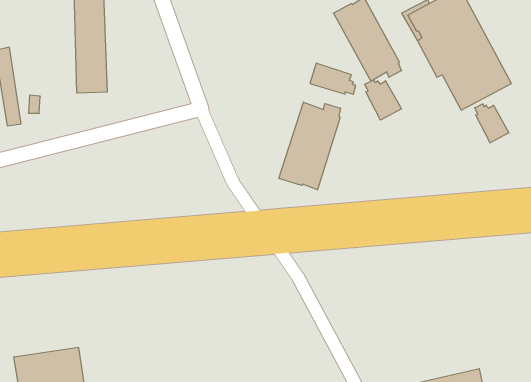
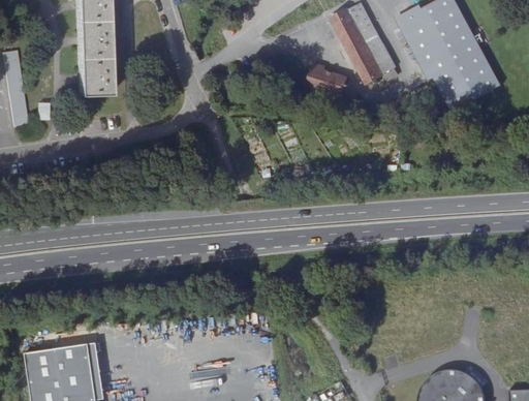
building: [365,80,401,120] -> none
building: [279,102,341,190] -> none
building: [475,104,509,143] -> none

